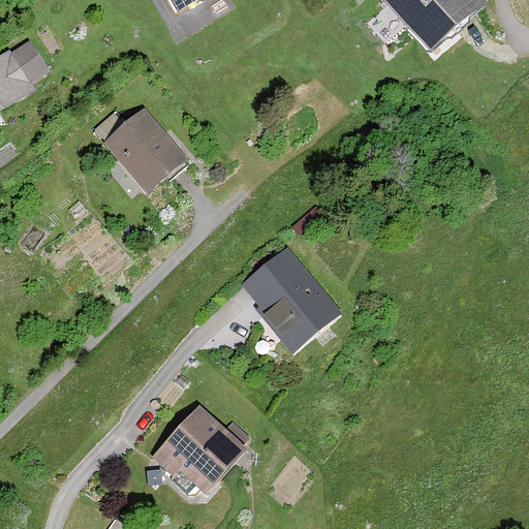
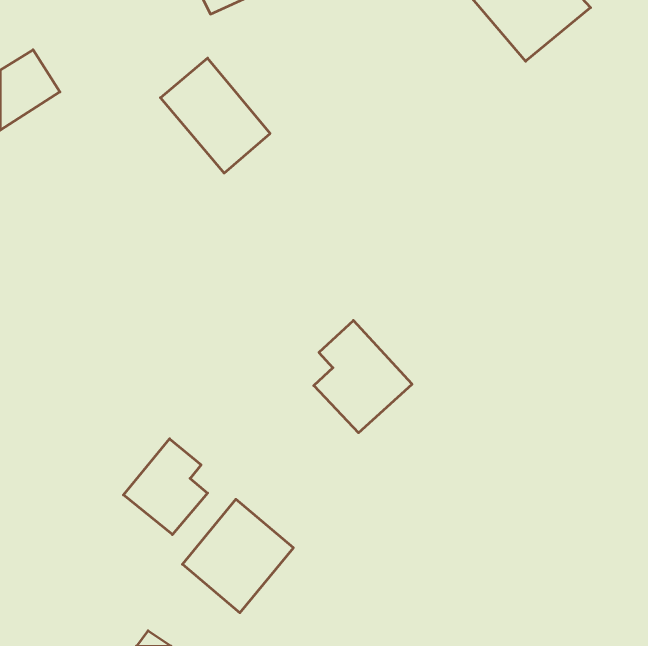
building: [98,99,187,192] -> [160,58,270,173]
building: none -> [123,439,208,535]

